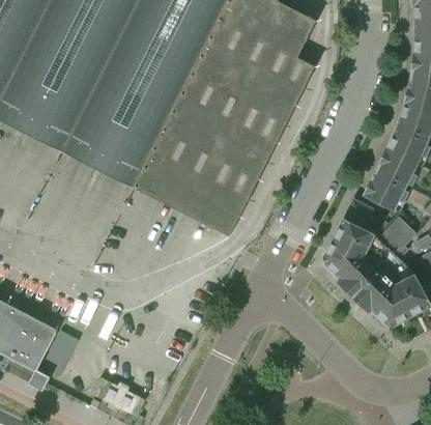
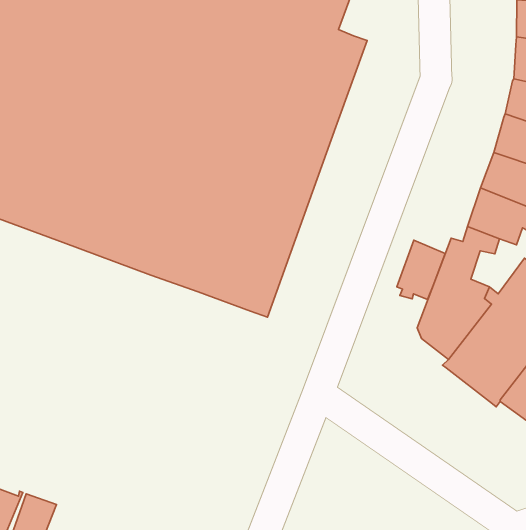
building: none -> [397,240,445,299]

